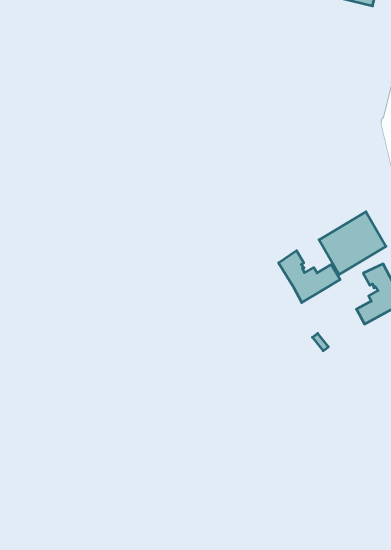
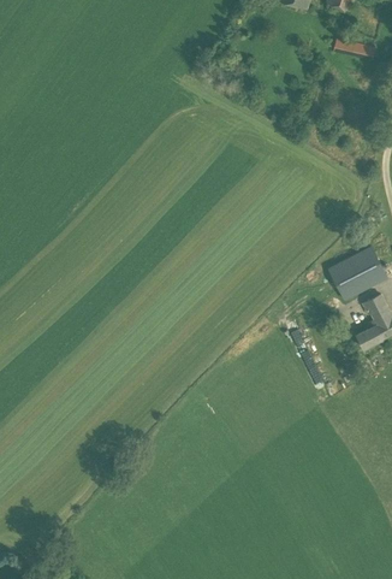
building: [279,251,340,303] -> none

